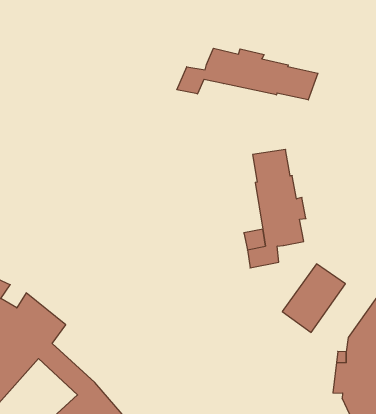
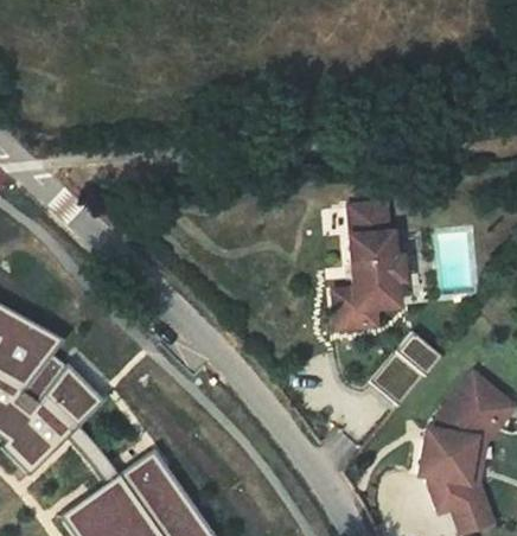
building: [177,48,318,100] -> none

